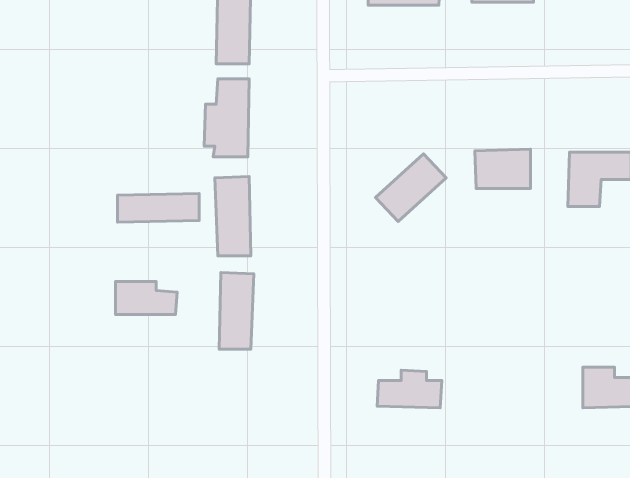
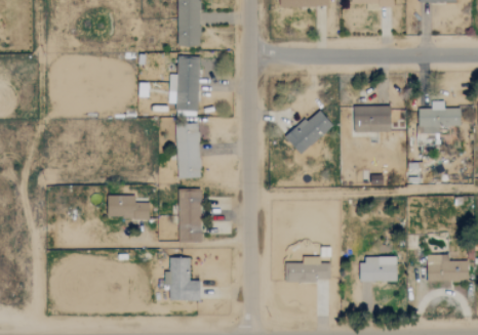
building: [117,194,199,222] -> none
building: none -> [164,258,200,301]
building: none -> [359,258,397,282]

